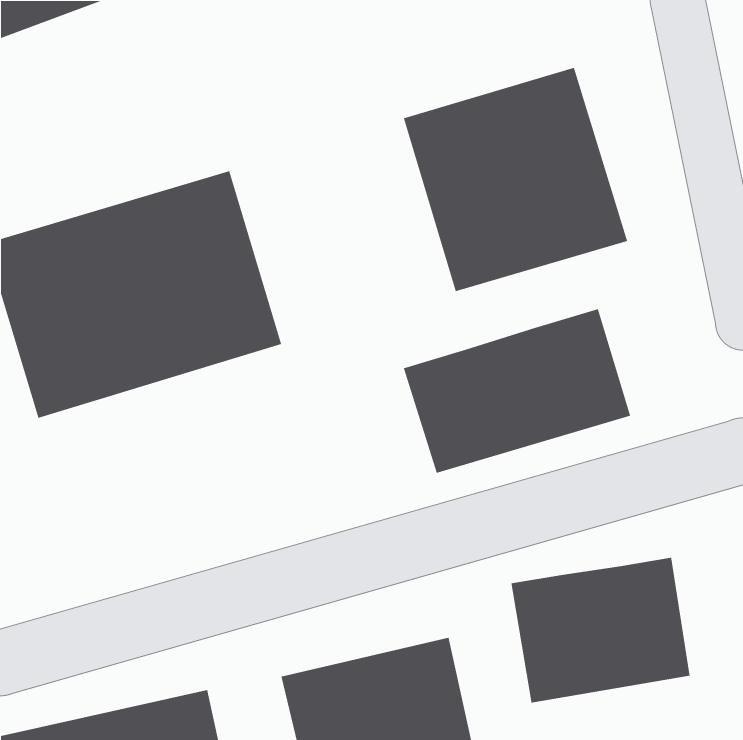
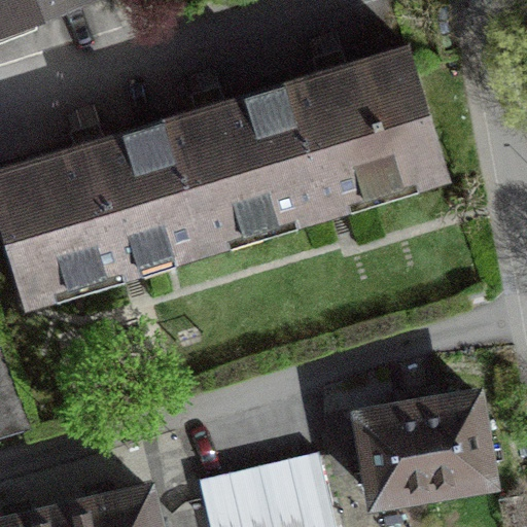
building: none -> [163,85,322,246]
building: [403,308,631,474] -> none

